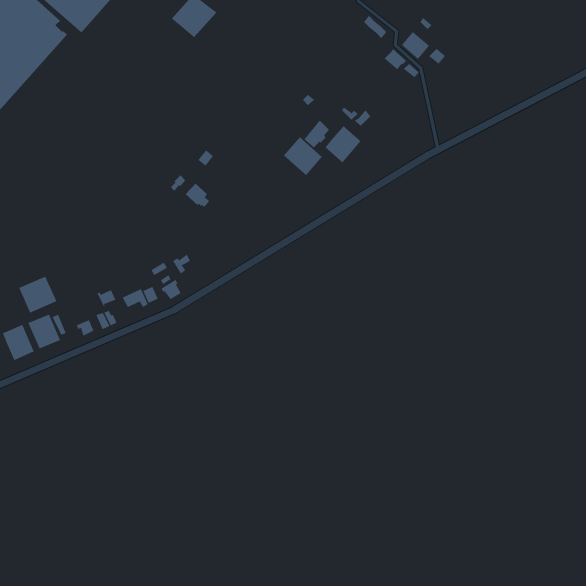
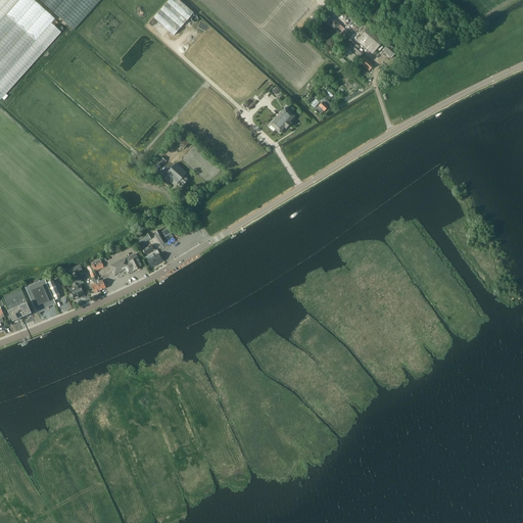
building: [325,125,361,163] -> none
building: [283,137,322,176] -> none
building: [18,276,57,313] -> none

